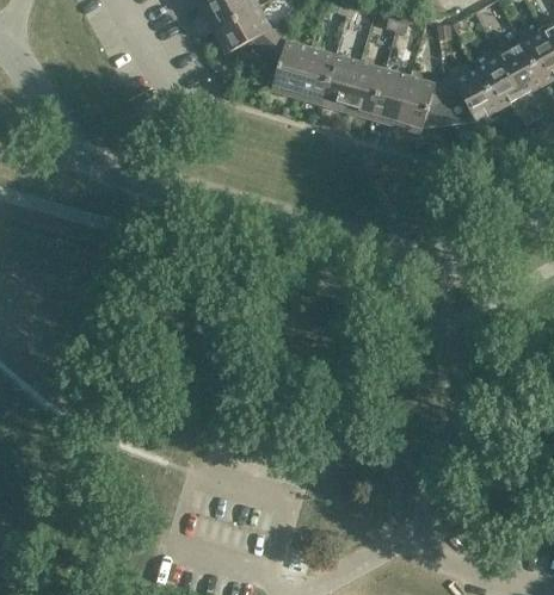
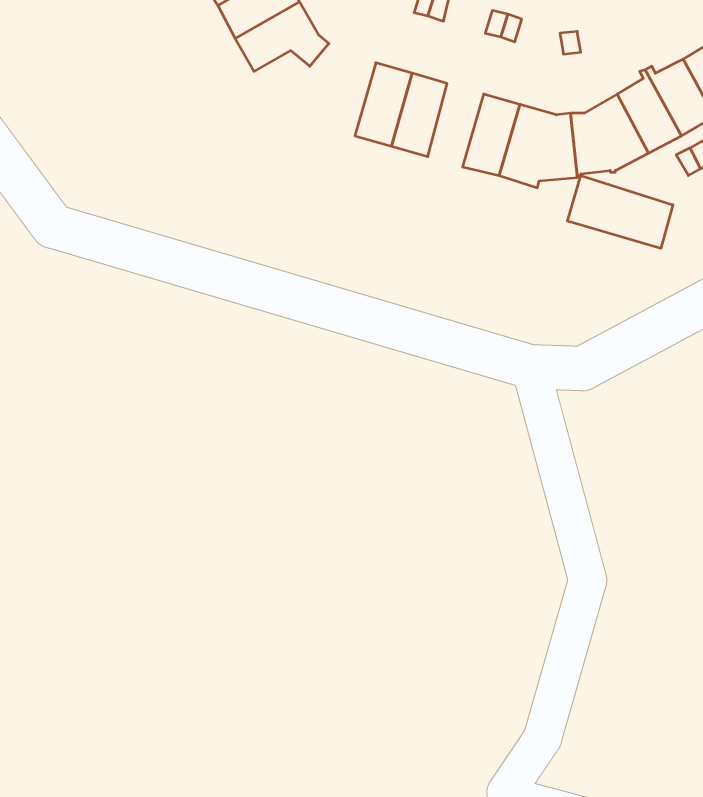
building: [265,35,310,98] -> none
building: [346,62,384,119] -> none
building: none -> [567,176,673,248]

